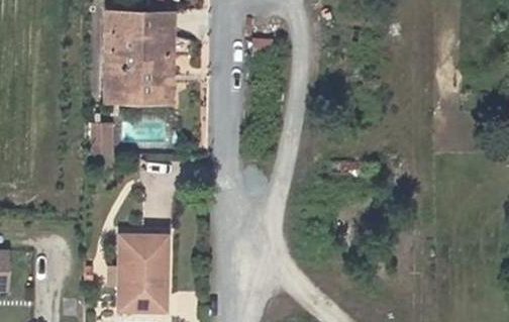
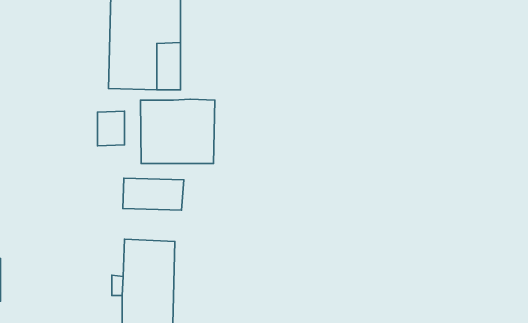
building: none -> [140,99,215,164]
building: none -> [123,178,184,210]

